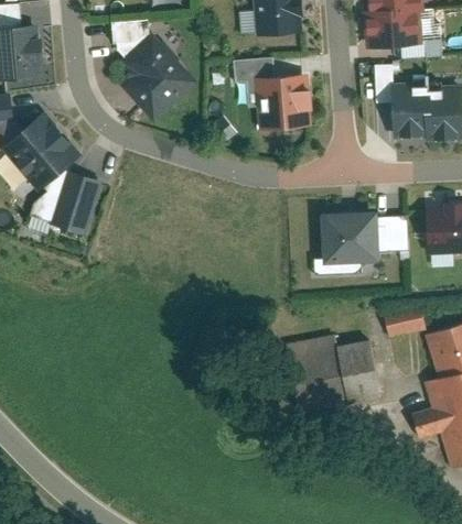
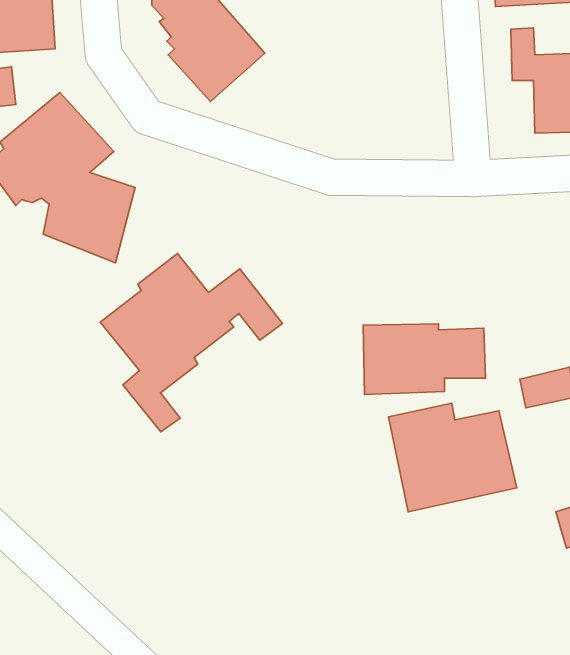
building: [234,56,315,132] -> none
building: [322,211,411,263] -> [363,324,485,395]
building: none -> [100,253,282,432]

